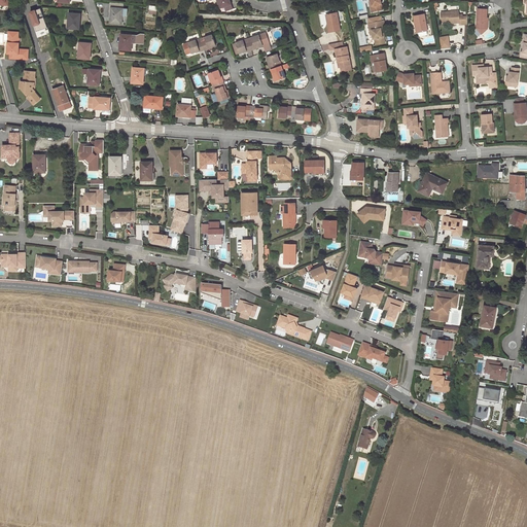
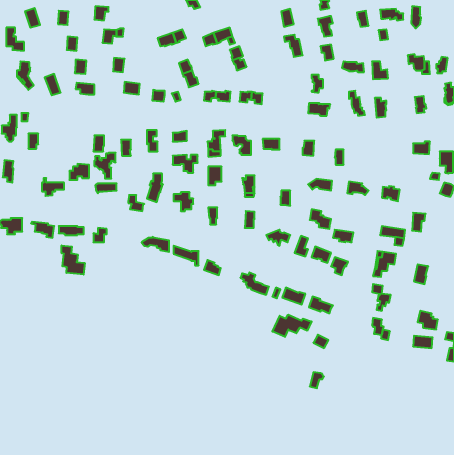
building: [78,140,103,170] -> [94,153,116,179]
building: [417,173,447,196] -> none
building: none -> [62,245,85,275]
building: none -> [272,315,312,337]

